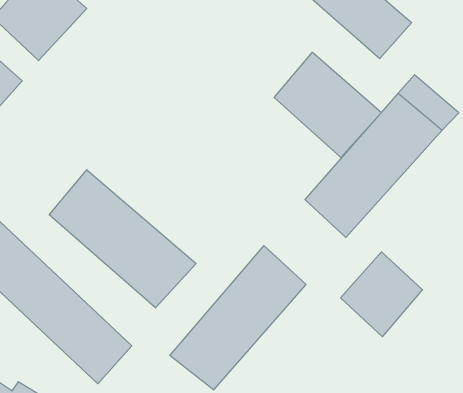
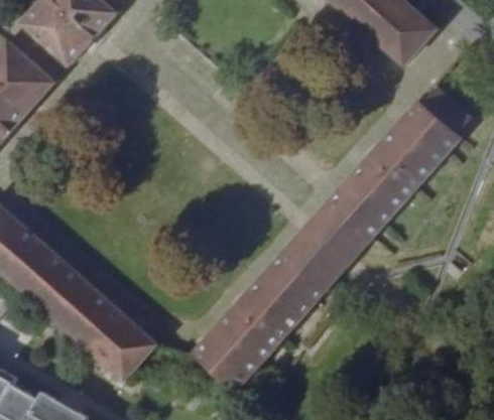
building: [274,52,381,158] -> none
building: [49,170,196,308] -> none
building: [341,252,423,337] -> [287,203,368,287]

